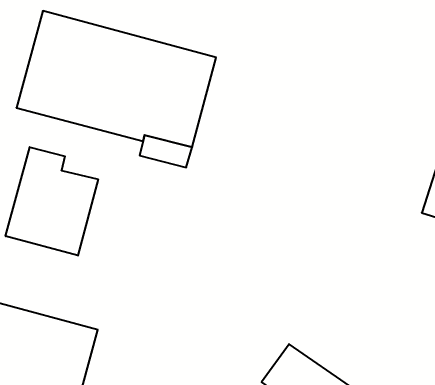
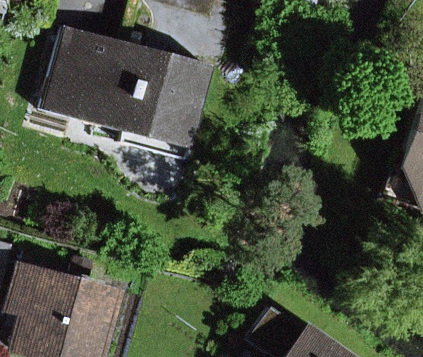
building: [6,147,98,256] -> none

